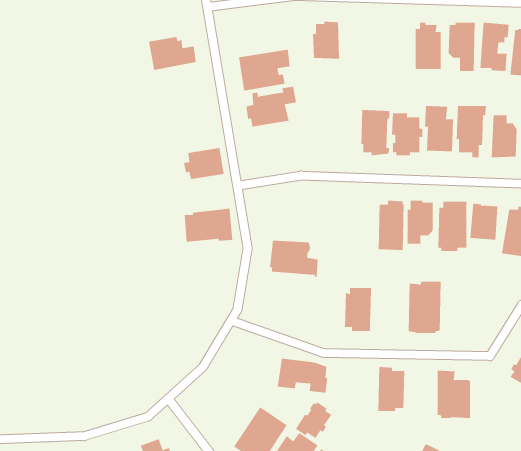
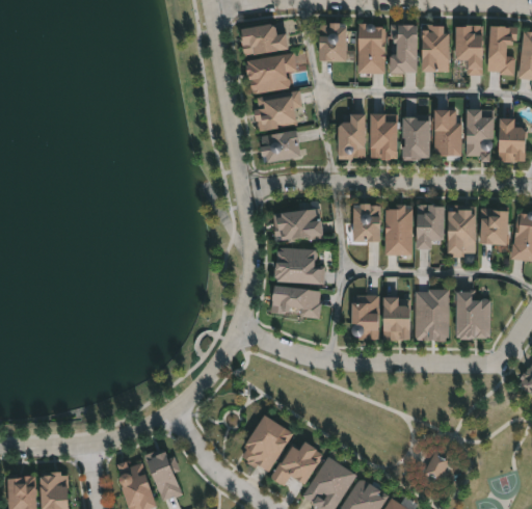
building: none -> [356,24,385,75]
building: none -> [391,26,418,75]
building: [148,36,196,70] -> [238,24,287,58]
building: none -> [337,115,366,160]
building: [183,148,224,179] -> [257,132,298,164]
building: none -> [351,205,382,243]
building: [184,208,233,242] -> [273,206,323,240]
building: [277,358,328,393] -> [270,283,322,318]
building: [377,366,405,412] -> [383,293,411,339]
building: [437,370,471,419] -> [457,288,491,337]
building: [295,401,332,439] -> none

